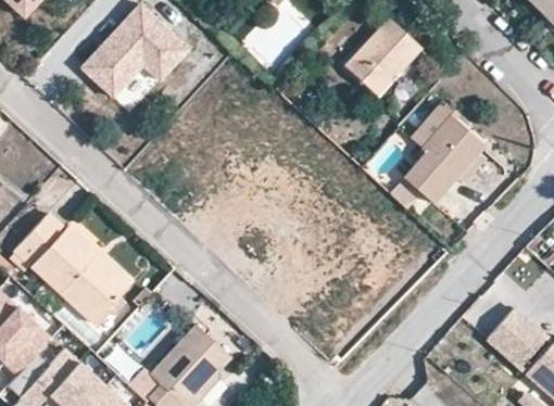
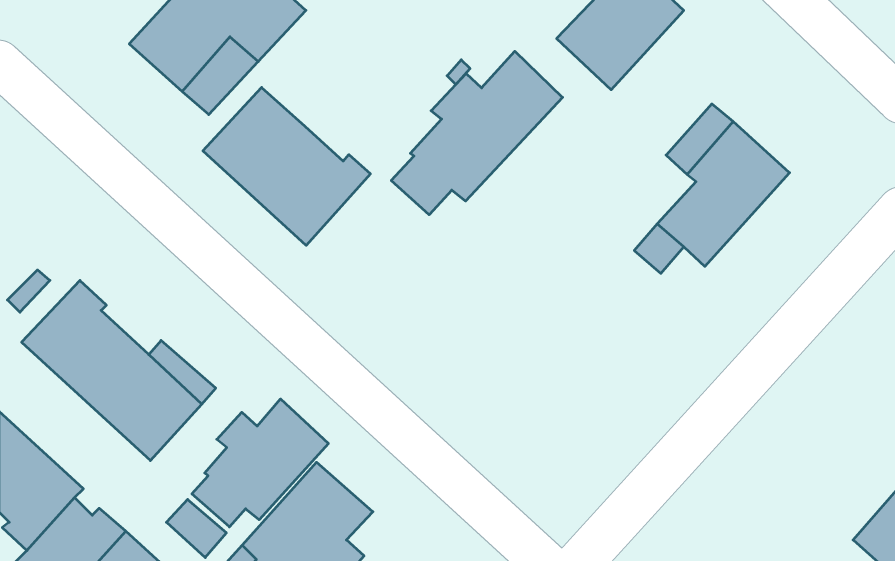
building: none -> [391,51,563,215]
building: none -> [203,87,370,245]
building: none -> [192,399,328,527]
building: [487,308,546,367] -> none

